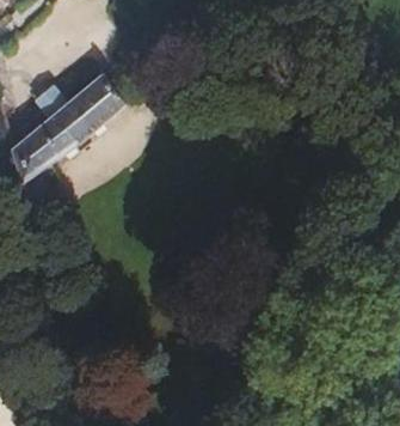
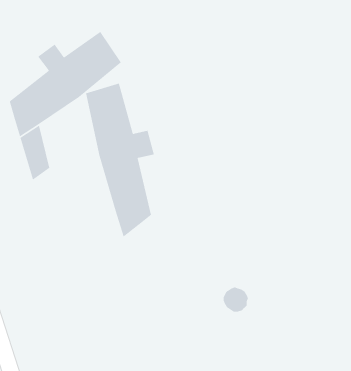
building: none -> [85,82,155,238]

